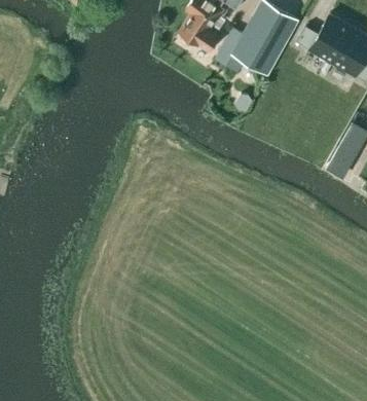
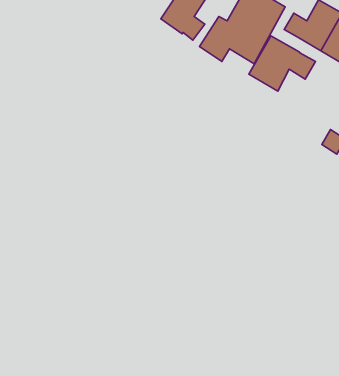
building: none -> [249,36,315,91]

